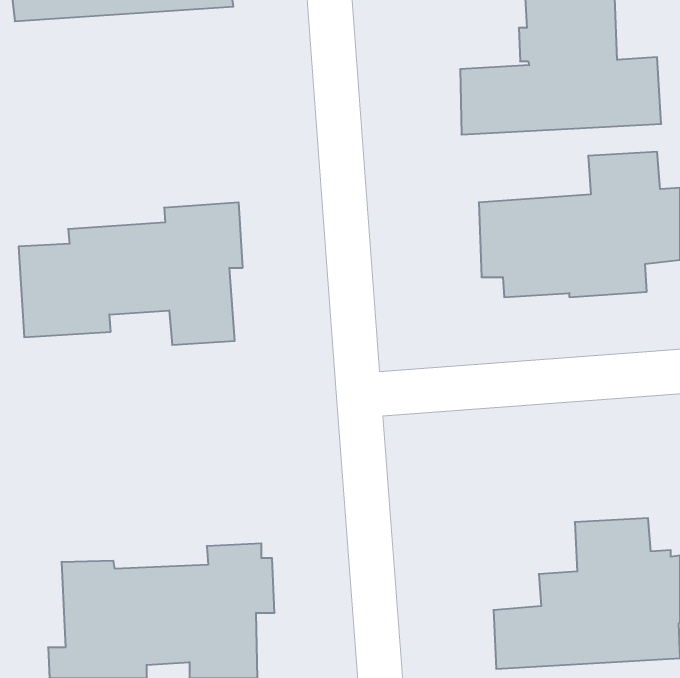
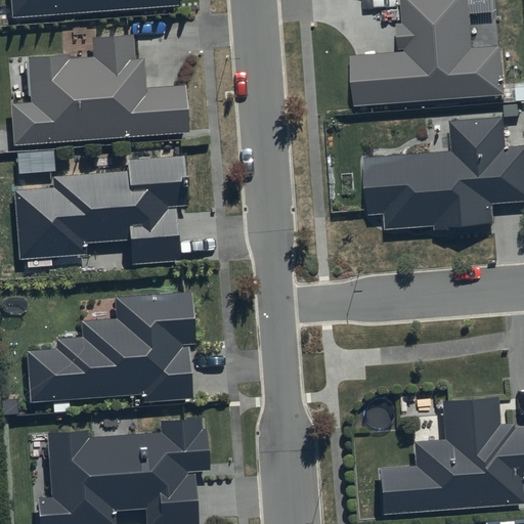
building: none -> [12,36,187,144]
building: none -> [28,293,195,413]

